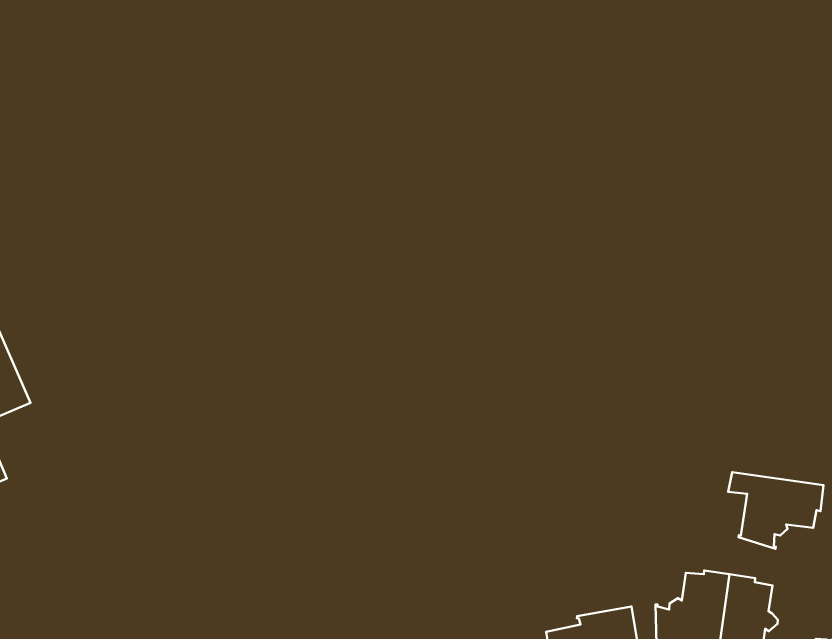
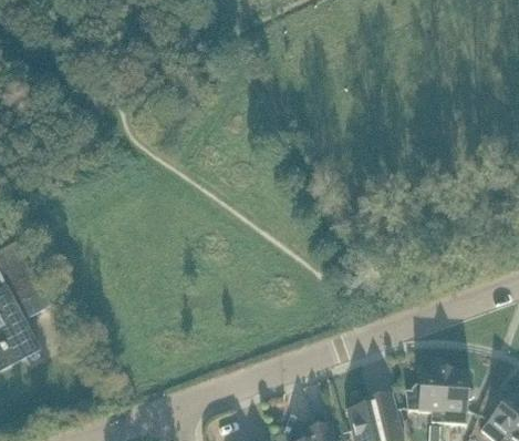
building: [728,472,824,549] -> none

